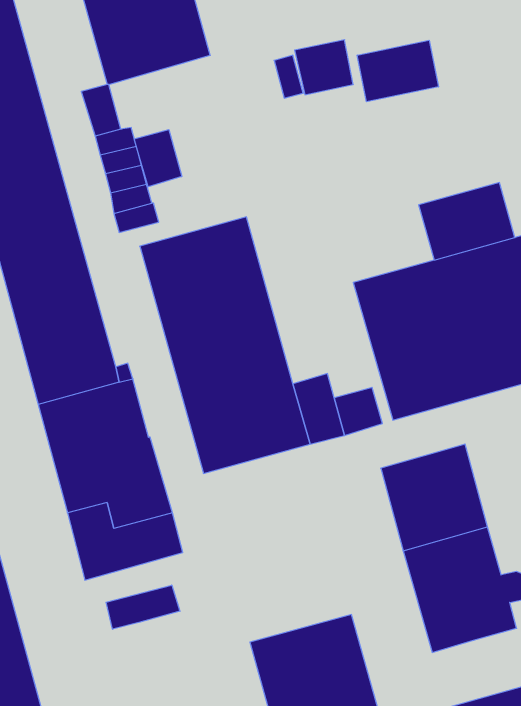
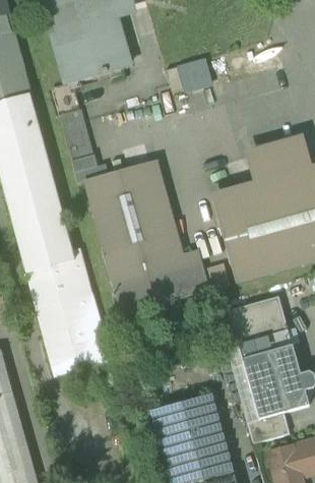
building: [357,40,438,102] -> none
building: [134,130,182,187] -> none
building: [106,585,180,629] -> none
building: none -> [247,412,290,443]

